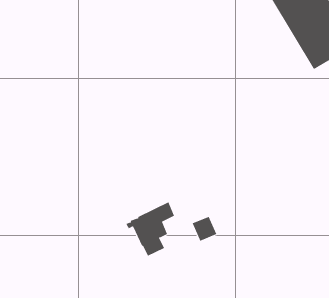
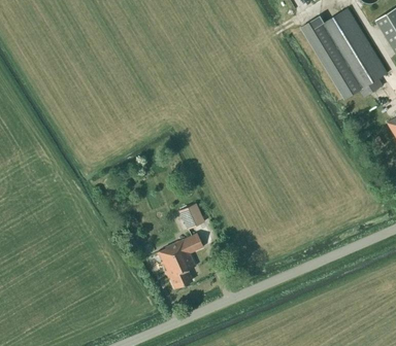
building: [192,216,217,241] -> [177,205,203,231]

